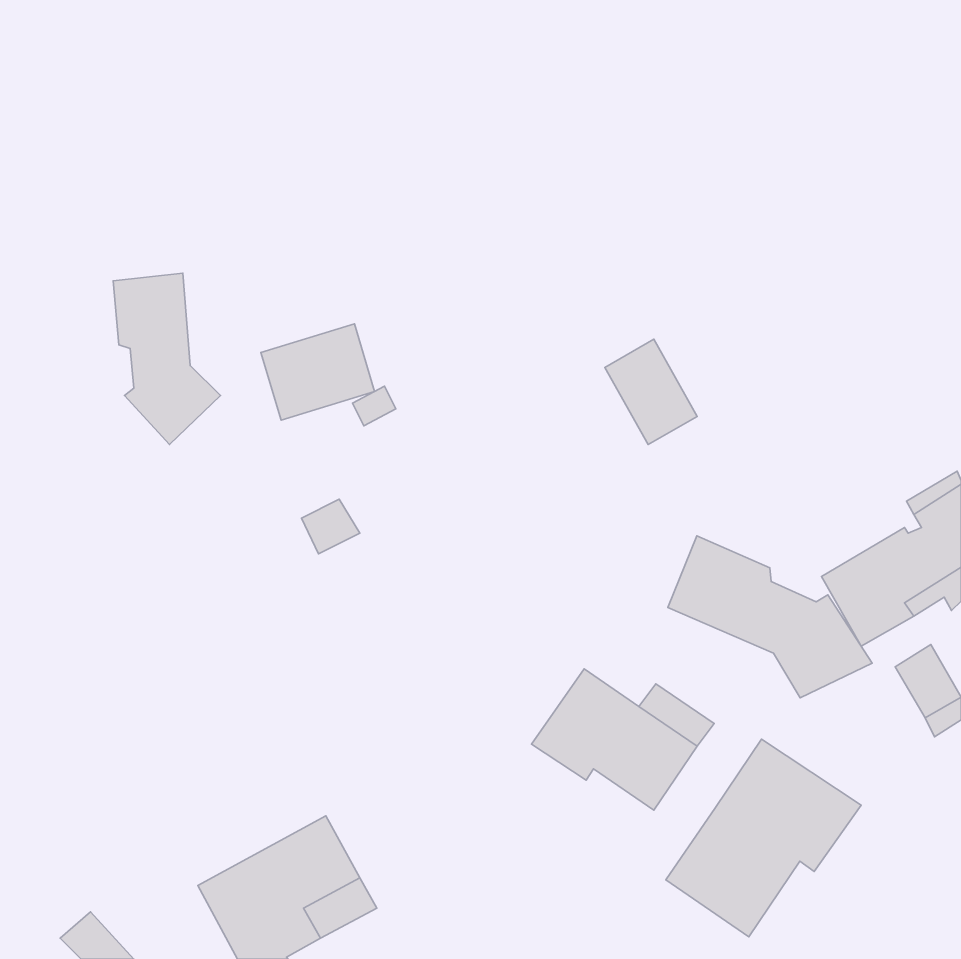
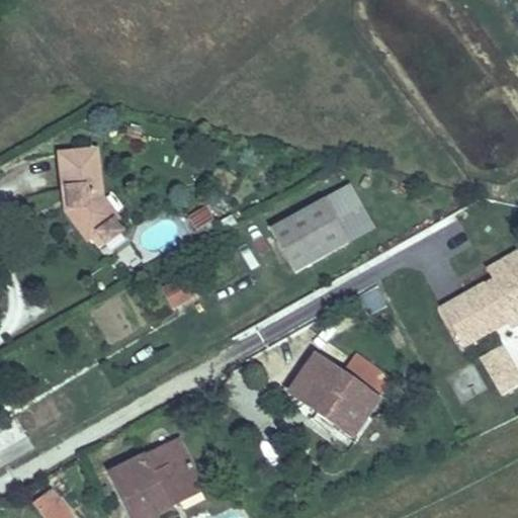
building: [261,324,375,420] -> none
building: none -> [272,197,348,269]
building: [668,536,872,698] -> none
building: [666,739,861,937] -> none

